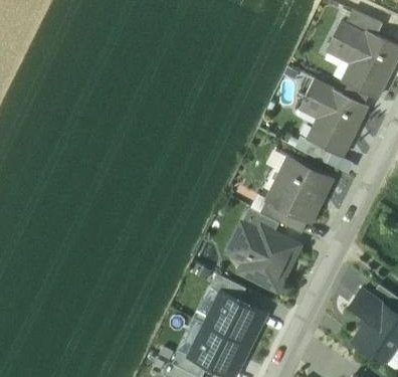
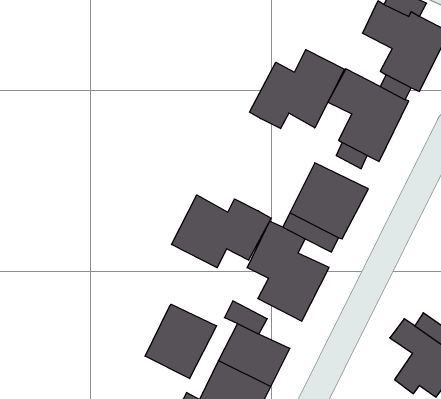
building: none -> [250,50,345,129]
building: none -> [172,195,271,268]
building: none -> [145,304,217,379]

